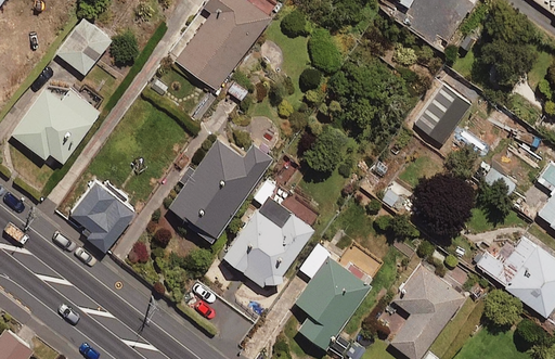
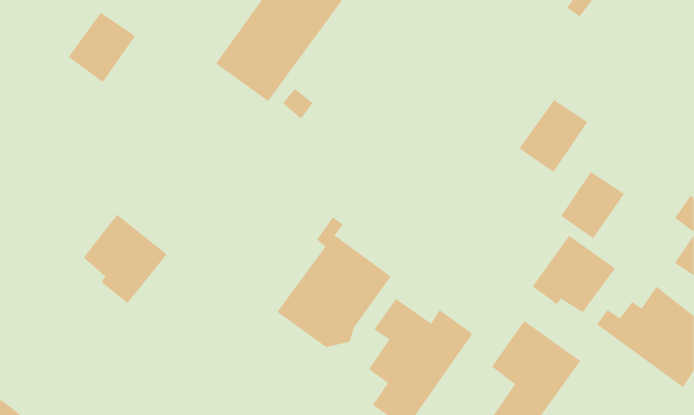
building: [11,88,100,163] -> none
building: [167,139,272,242] -> none
building: none -> [560,171,625,239]
building: none -> [532,235,616,313]

